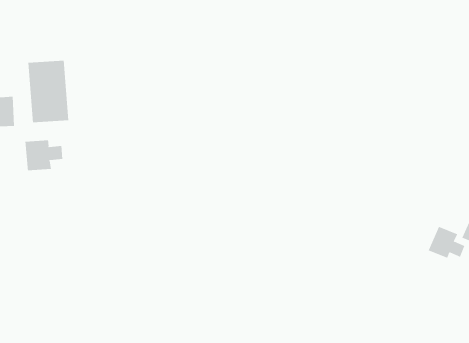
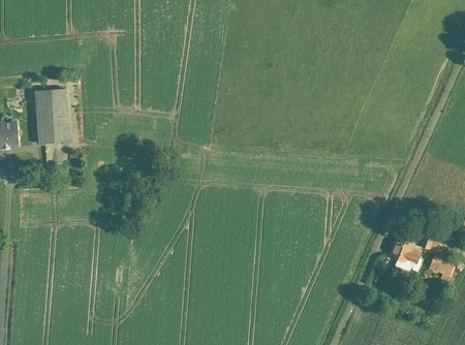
building: [25,140,63,171] -> none

